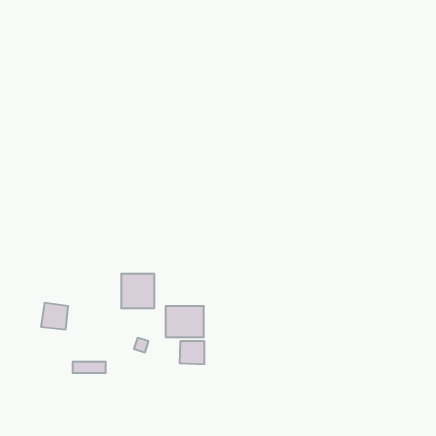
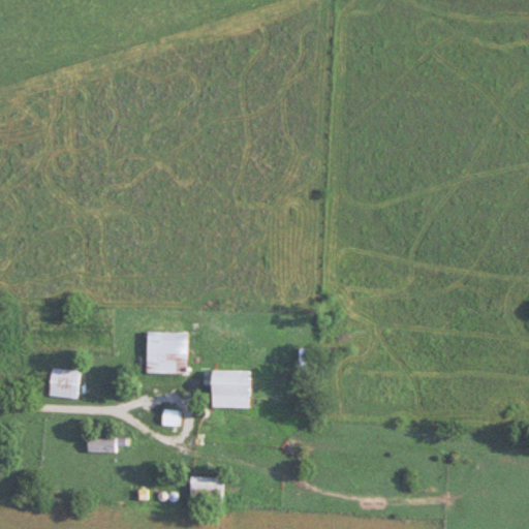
building: [180,341,204,364] -> none
building: none -> [190,477,222,499]

